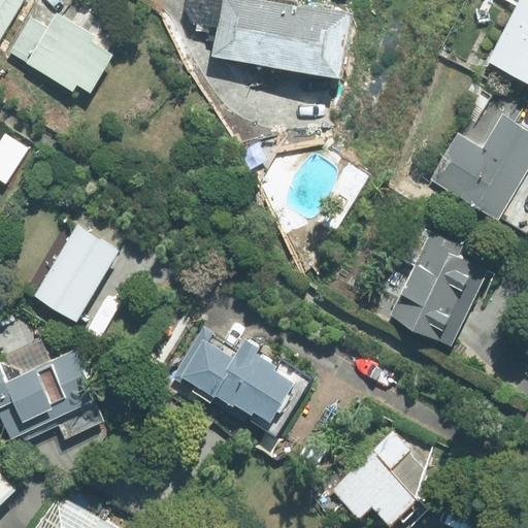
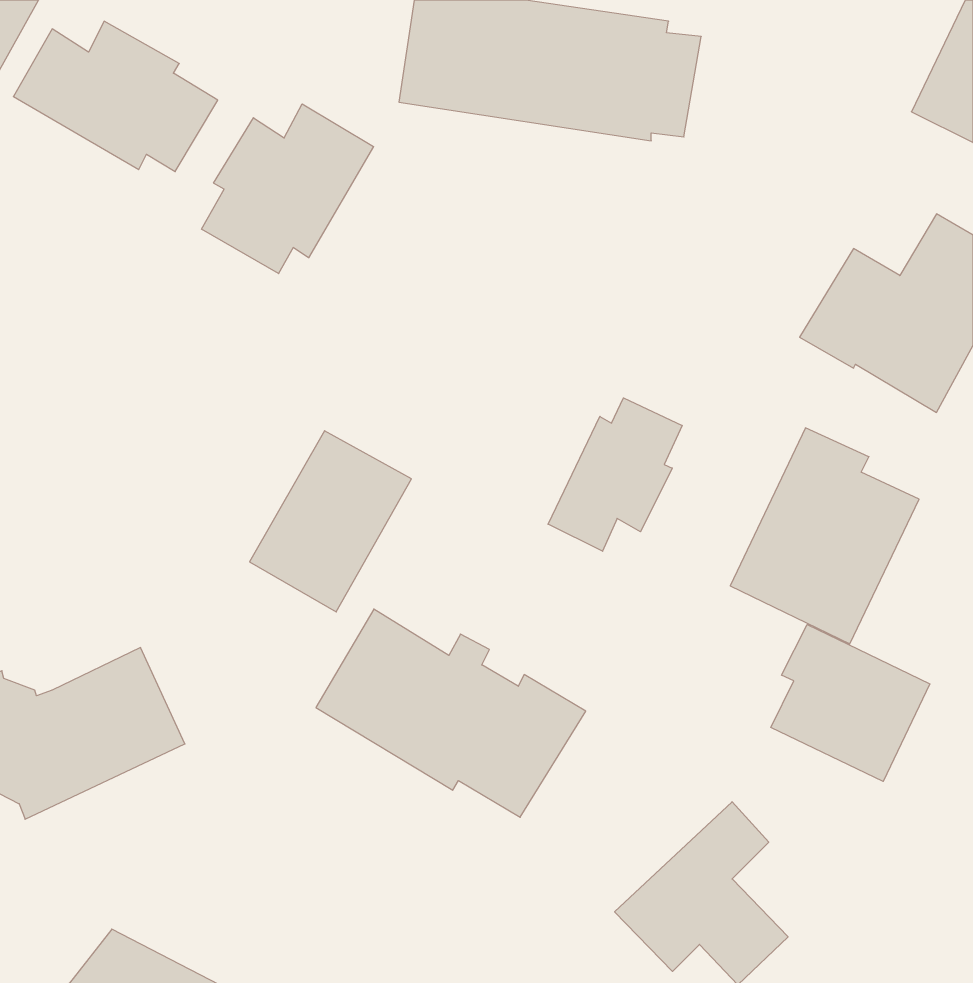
building: none -> [202,104,374,274]
building: none -> [548,398,682,551]
building: [34,225,121,322] -> [250,431,411,612]
building: none -> [771,625,930,781]

